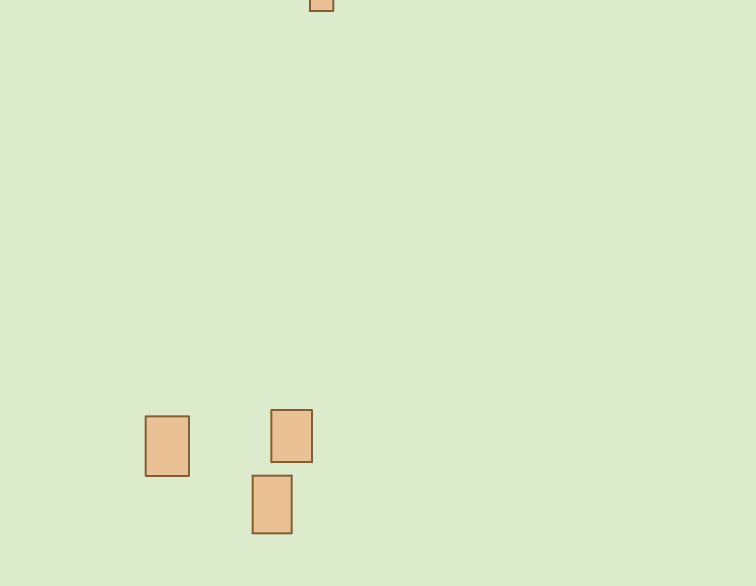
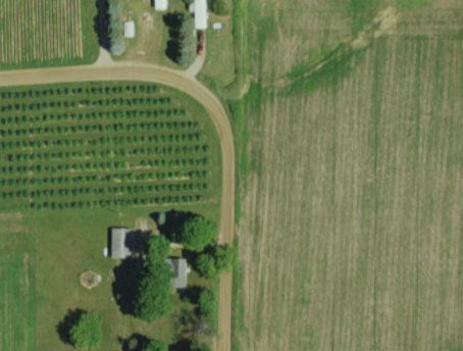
building: [271,410,312,462] -> none

